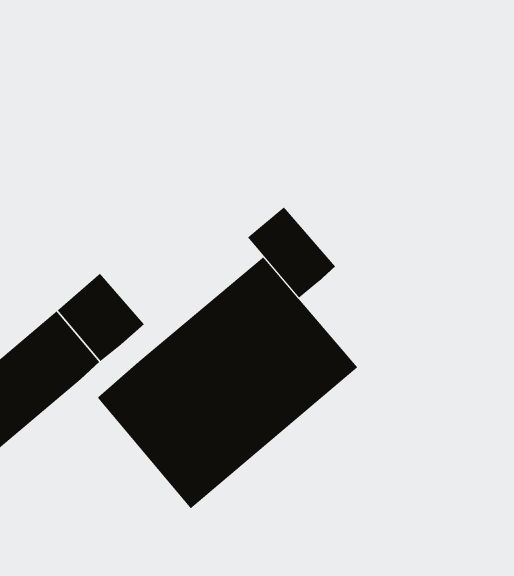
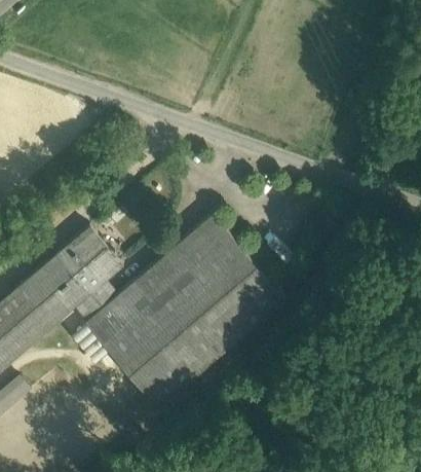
building: [247,206,336,298] -> none
building: none -> [73,282,116,322]

